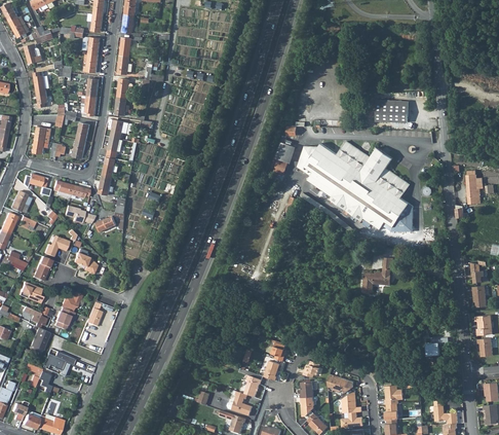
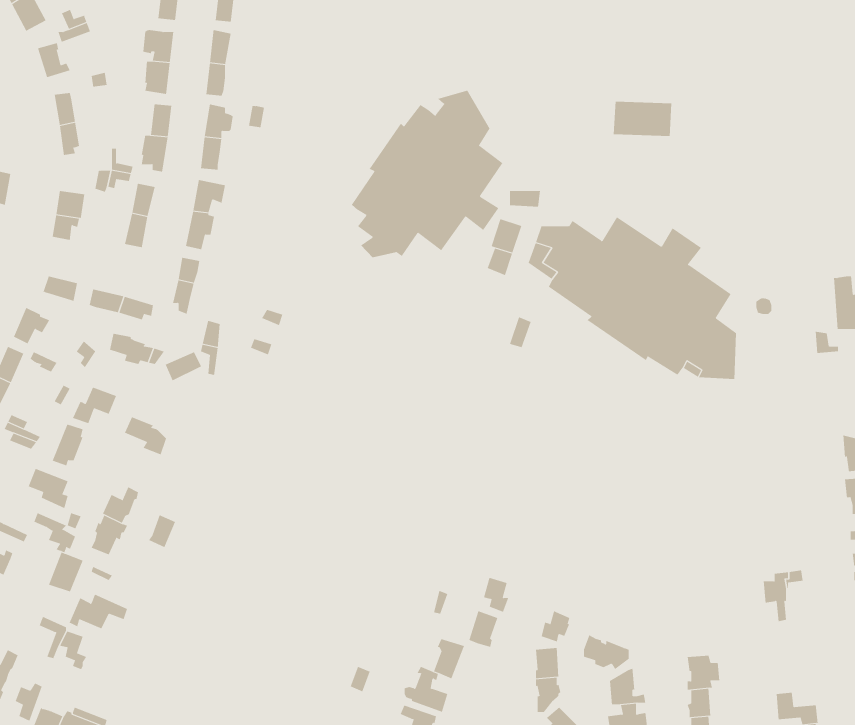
building: none -> [351,90,503,258]
building: [376,103,409,122] -> [613,101,672,136]
building: [363,258,393,291] -> none

